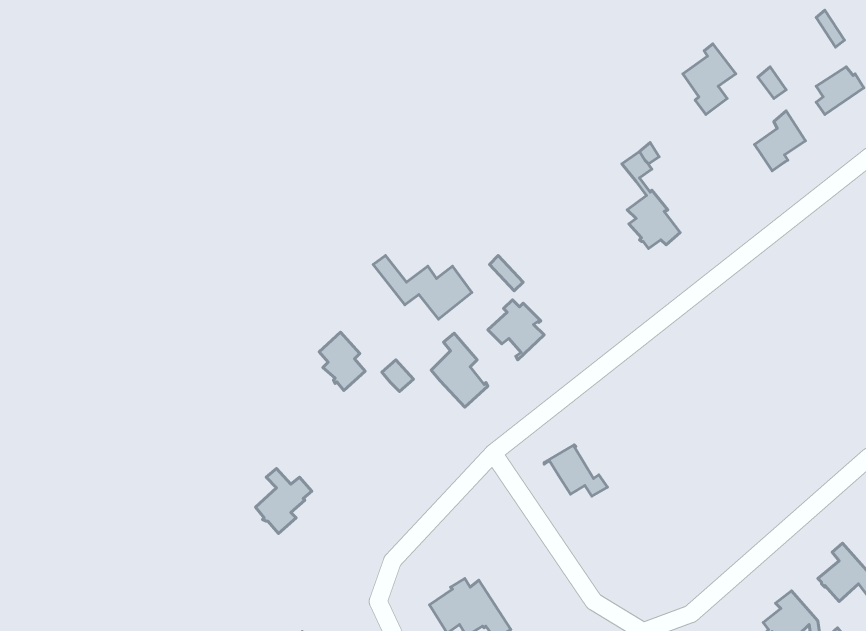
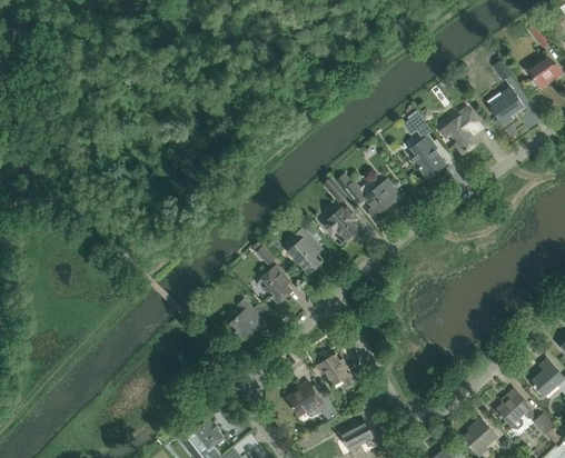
building: [683,44,736,114] -> [447,108,480,152]
building: [373,256,472,319] -> [336,173,398,213]
building: [319,332,365,391] -> [261,266,290,302]
building: [544,445,608,496] -> [316,354,356,386]
building: [255,468,312,534] -> [229,299,265,340]

